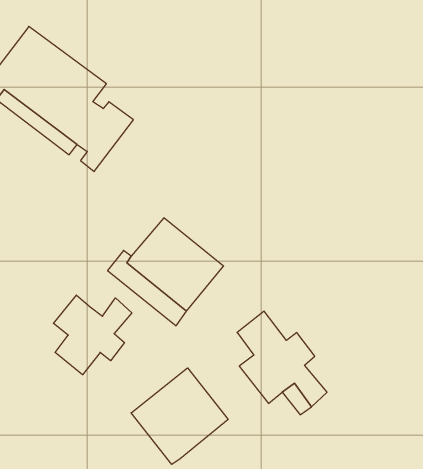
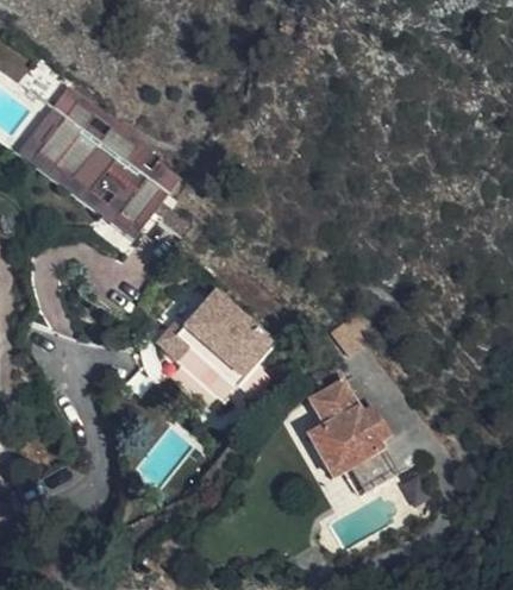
building: [53,295,132,375] -> none
building: [131,368,228,464] -> none

